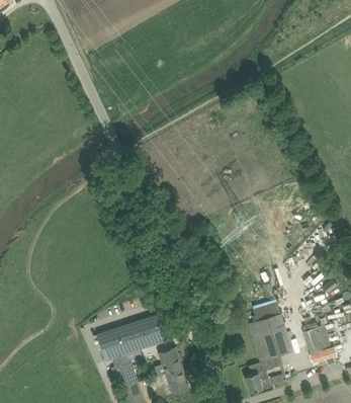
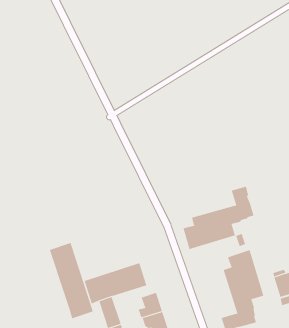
building: none -> [183,186,254,250]
building: none -> [49,242,94,319]

